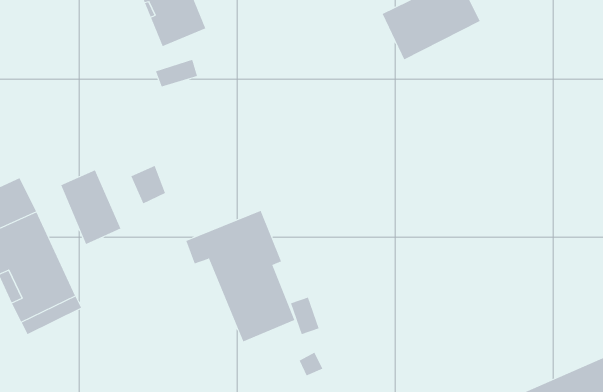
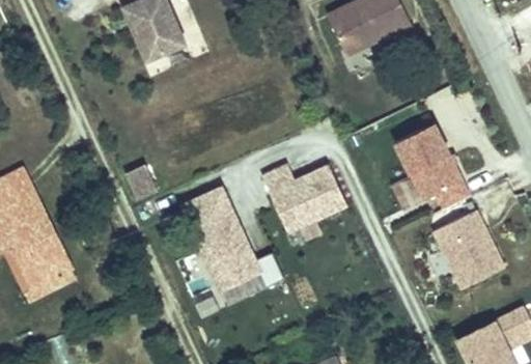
building: none -> [394,120,467,205]
building: [60,169,121,245] -> none
building: none -> [257,168,345,241]
building: none -> [430,207,500,285]

